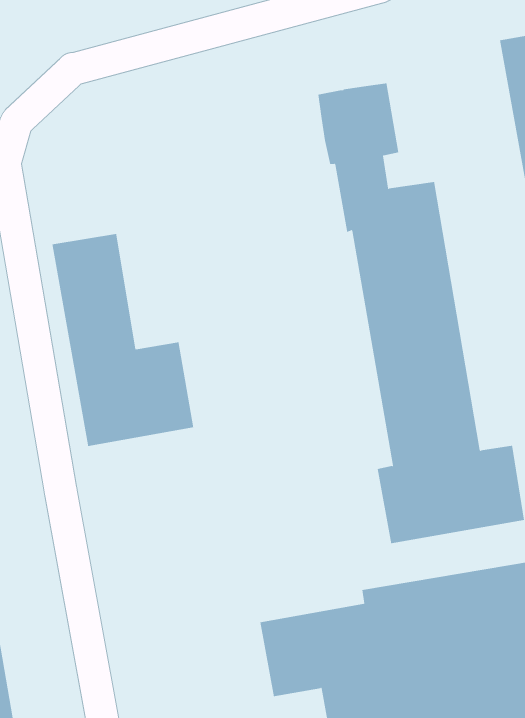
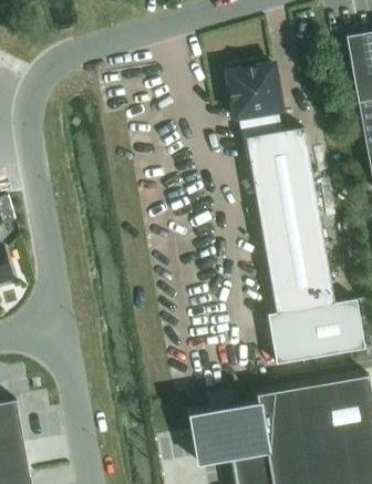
building: [52,233,194,447] -> none

